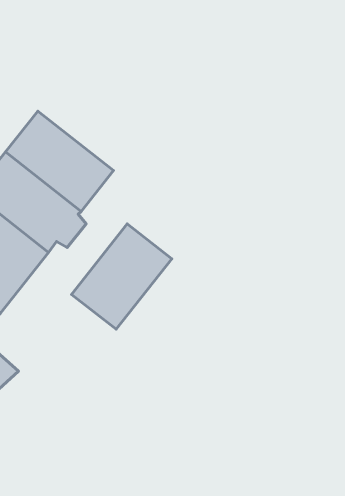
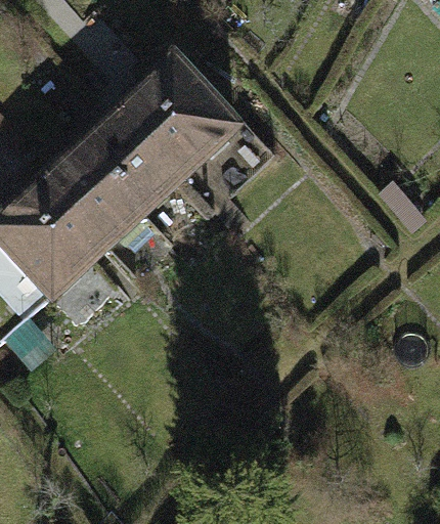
building: none -> [119,59,236,178]
building: [72,224,172,329] -> none

